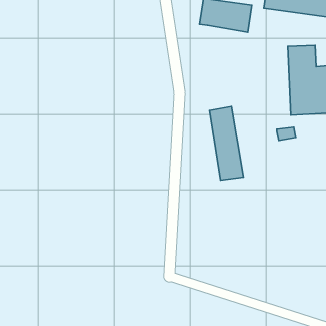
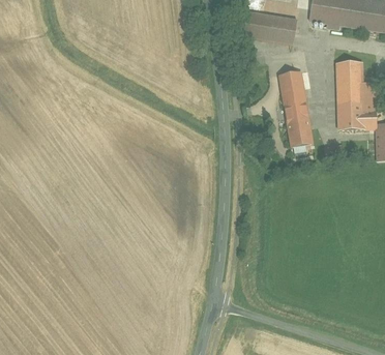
building: [209,106,244,180] -> [279,71,315,148]

